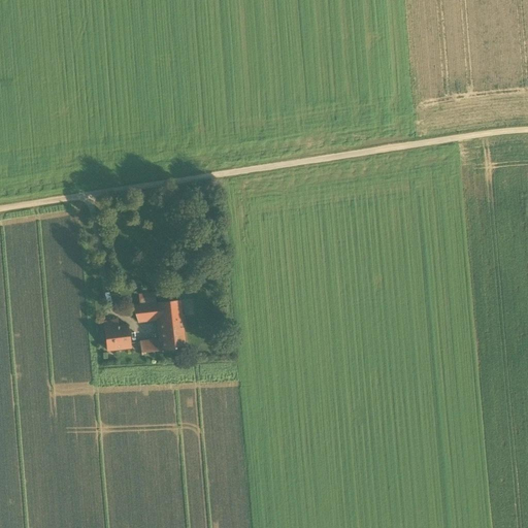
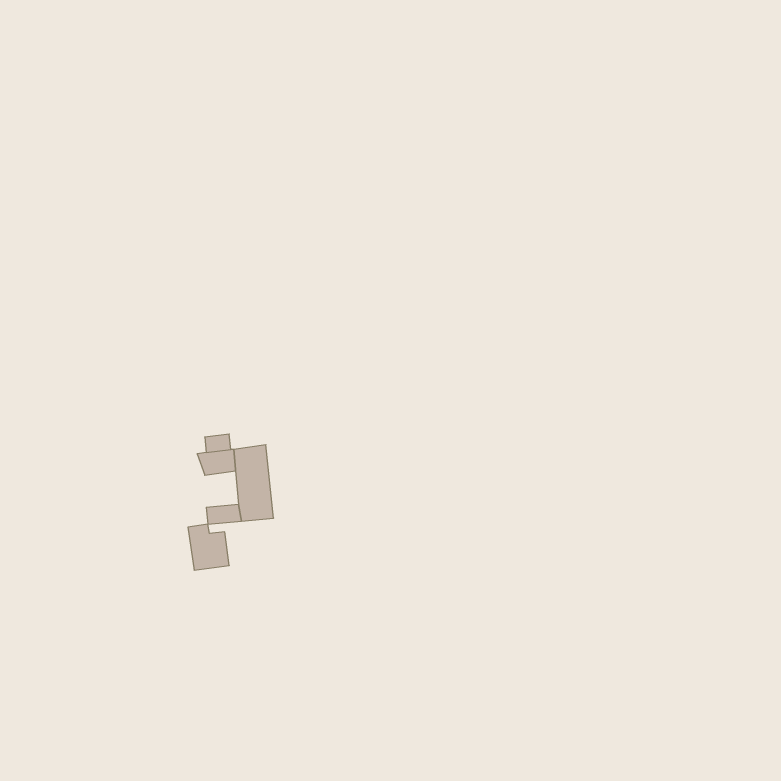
building: [103,321,131,352] -> [188,524,229,570]

